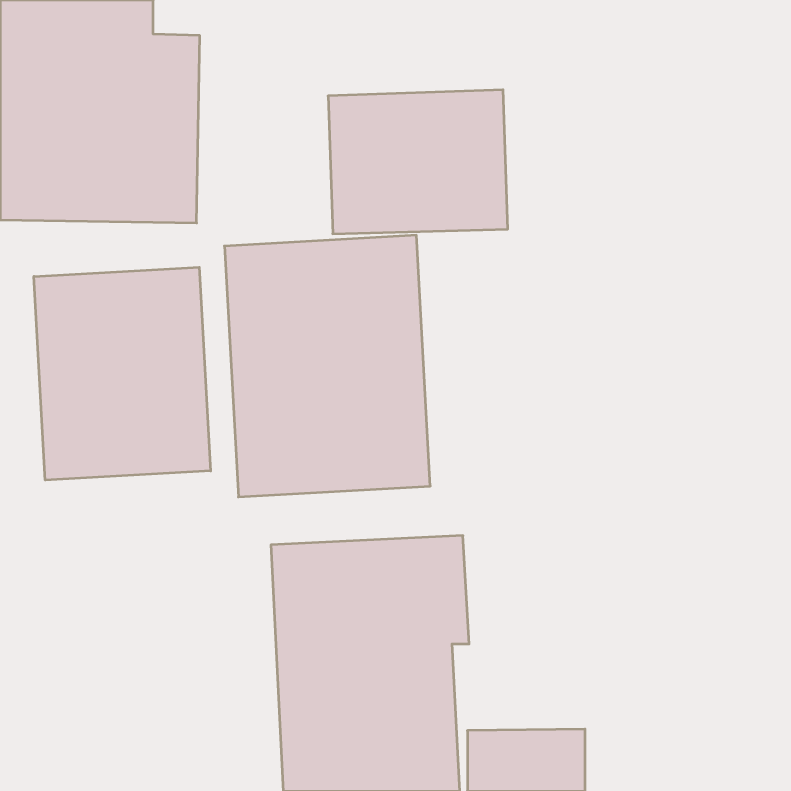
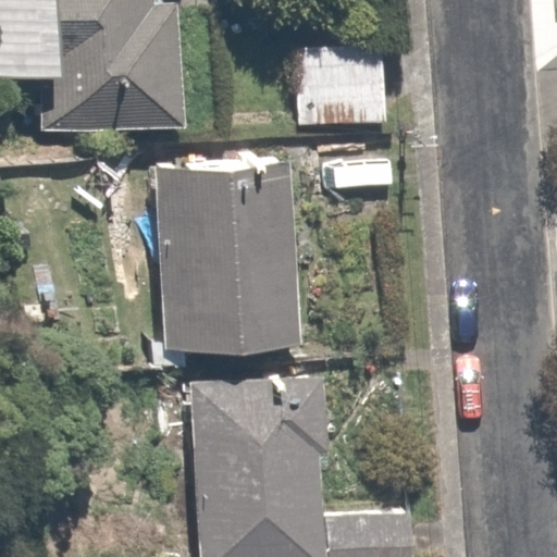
building: [34,267,211,480] -> none

